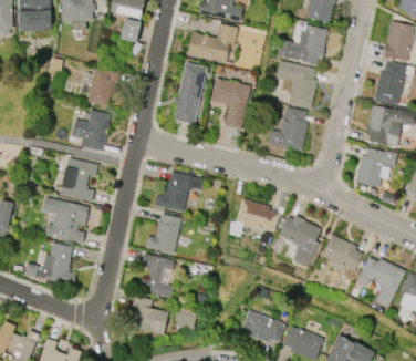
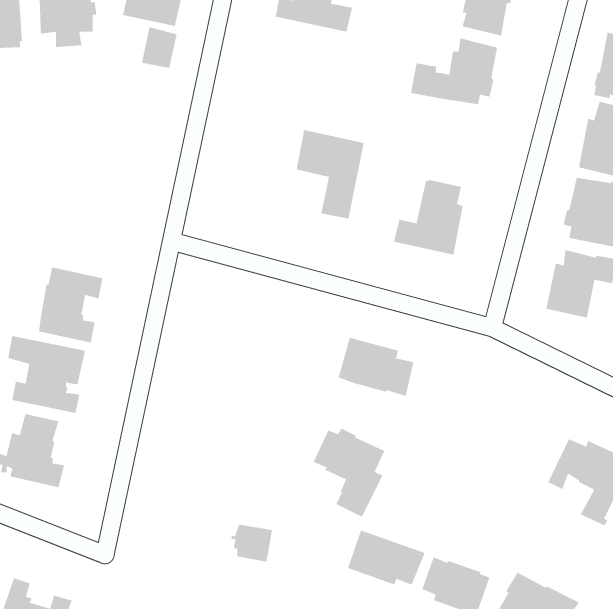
building: [187,23,238,62] -> none
building: [173,62,207,124] -> none
building: [287,64,316,109] -> none
building: [86,66,121,106] -> none
building: [72,110,111,152] -> none
building: [155,171,204,212] -> none
building: [145,214,181,254] -> none
building: [279,215,321,267] -> [313,428,385,518]
building: [322,234,363,271] -> none
building: [138,254,175,297] -> none
building: [132,296,168,334] -> none

